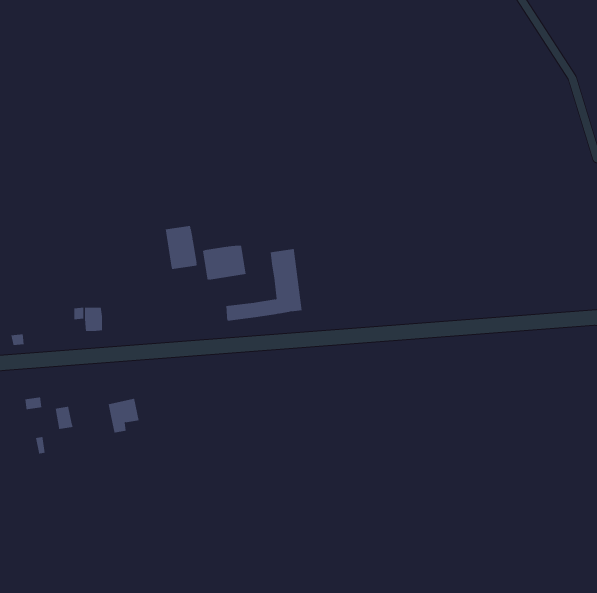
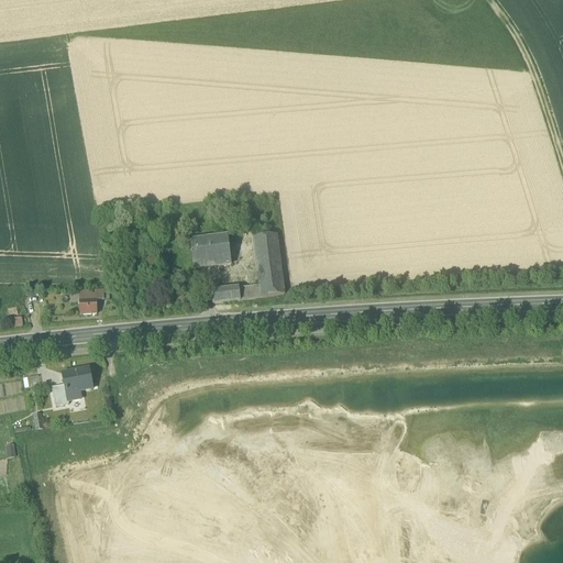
building: [165,225,197,270] -> none
building: [108,398,139,433] -> [63,366,92,399]

